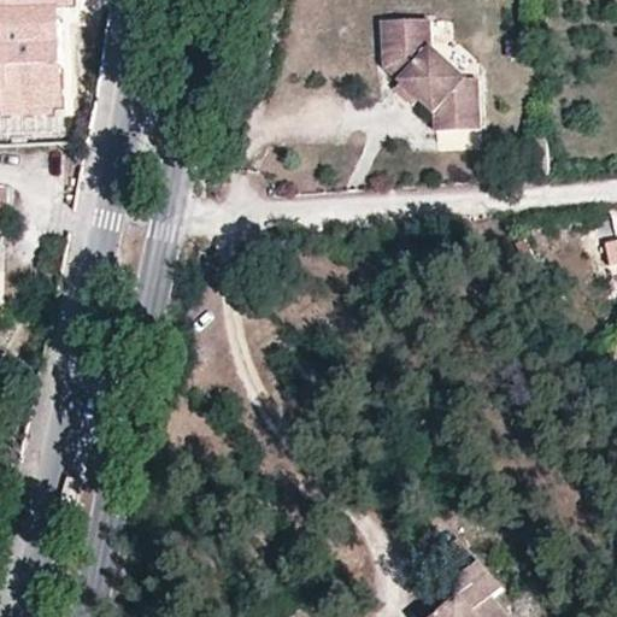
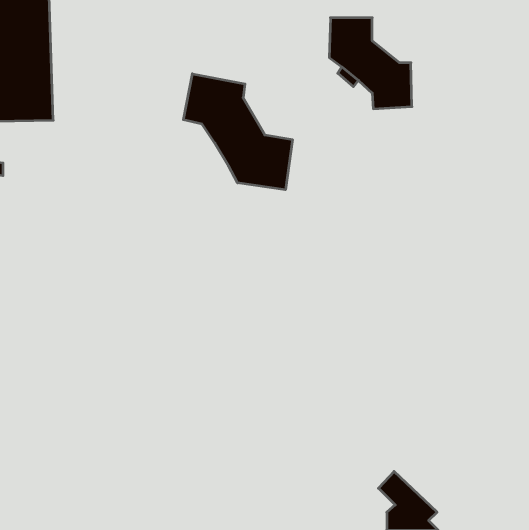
building: none -> [183,74,292,190]

